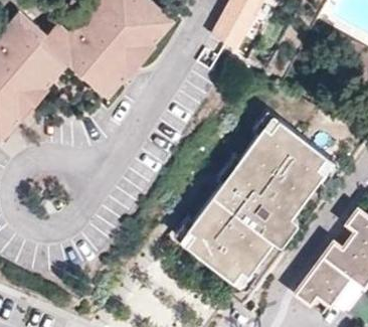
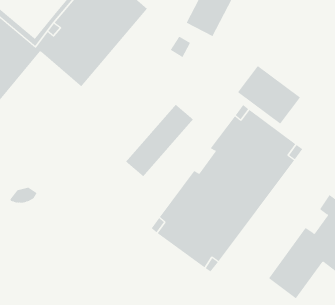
building: none -> [237,65,301,125]
building: none -> [125,104,194,177]

